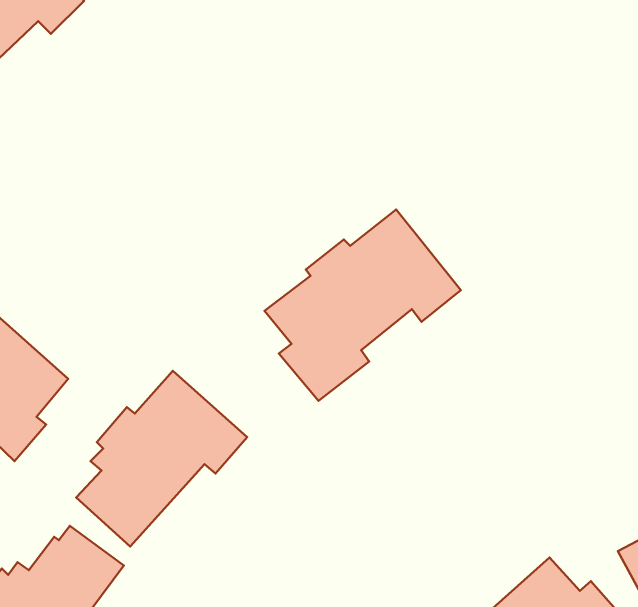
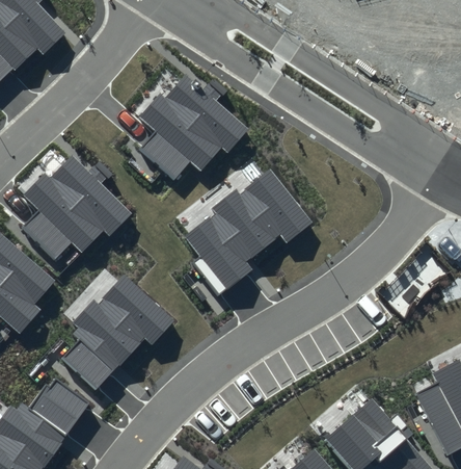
building: none -> [138,74,247,179]
building: none -> [21,155,130,260]

